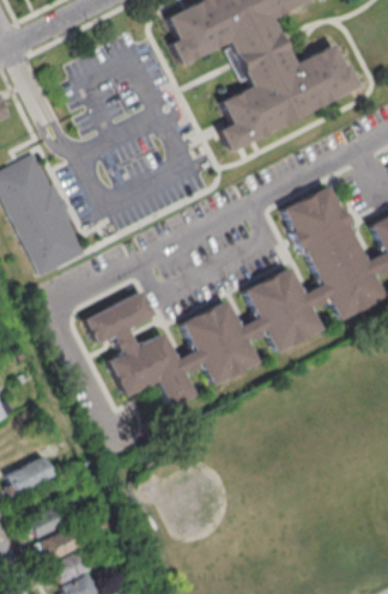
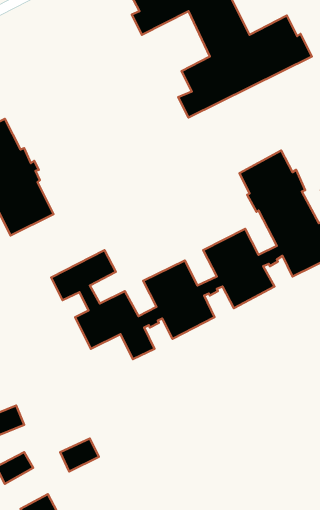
building: [40,527,80,562] -> [60,439,99,472]

